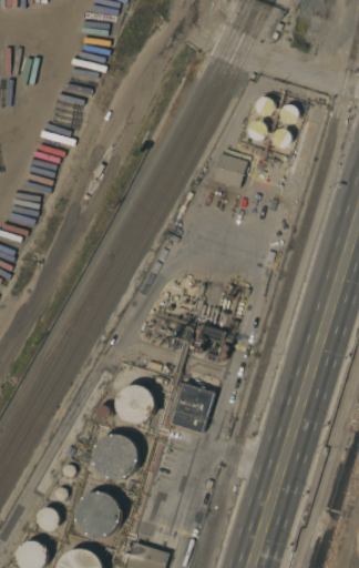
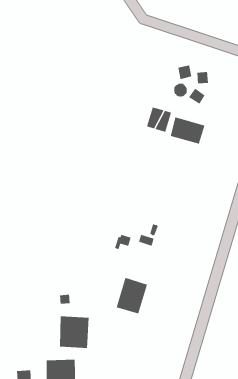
building: none -> [170,116,205,145]
building: [116,386,151,423] -> none

